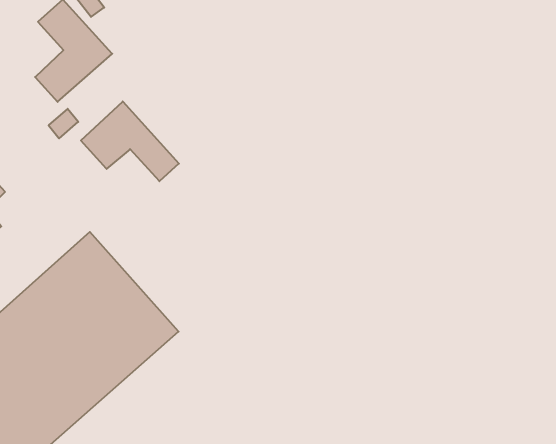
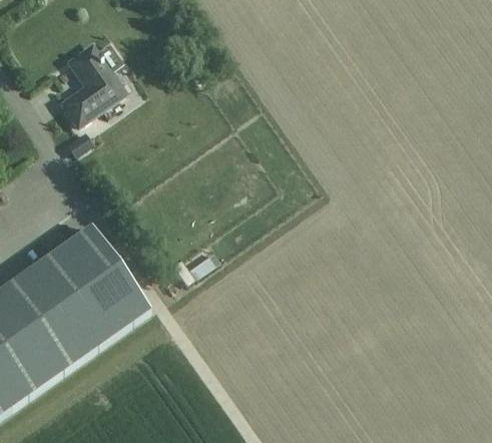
building: [81,101,179,181] -> none

